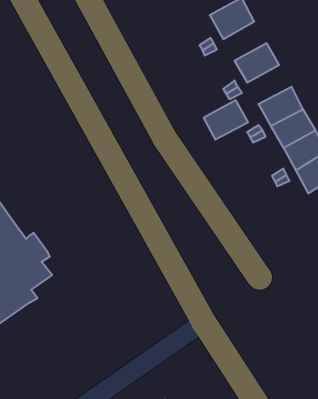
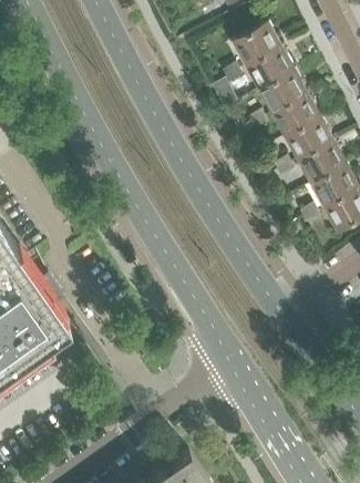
building: none -> [248,49,295,91]
building: [204,100,248,140] -> [274,95,321,137]

